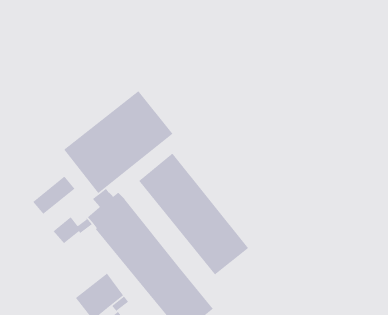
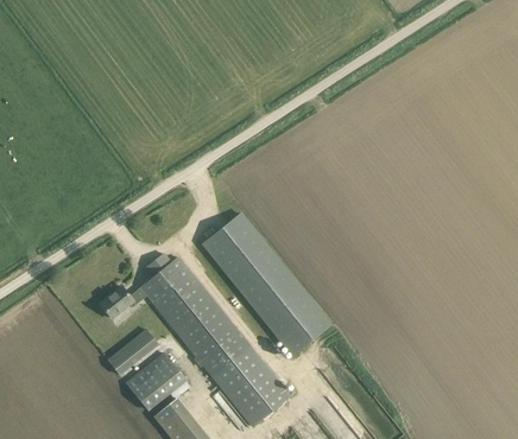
building: [63,90,173,194] -> none
building: [32,176,76,215] -> [107,329,158,375]

